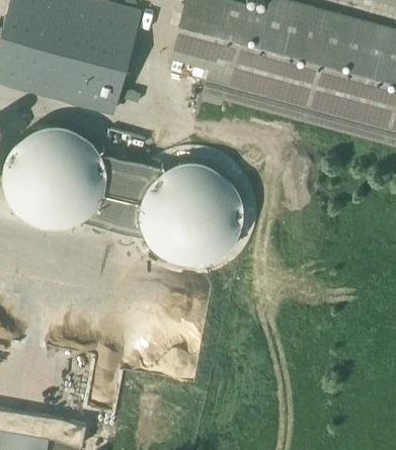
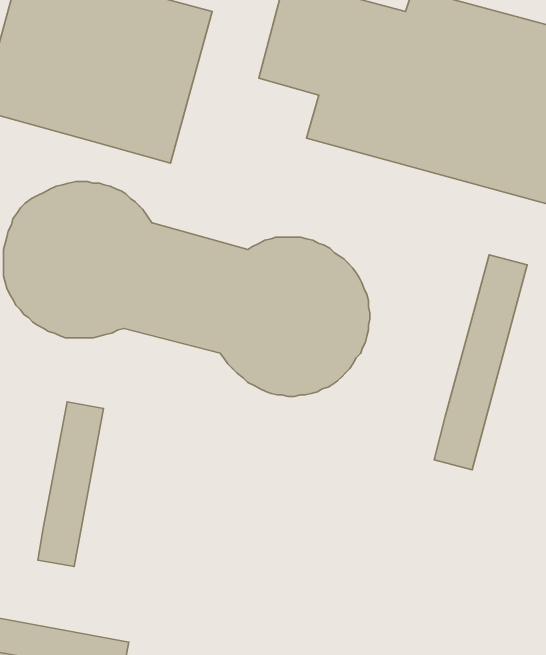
building: none -> [434,255,527,470]
building: none -> [38,402,104,567]

